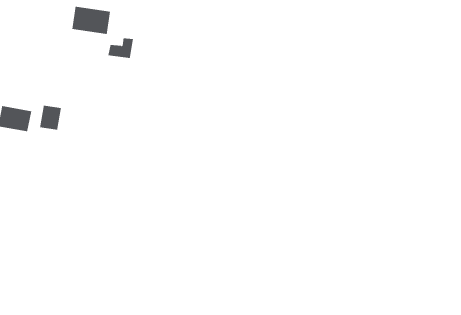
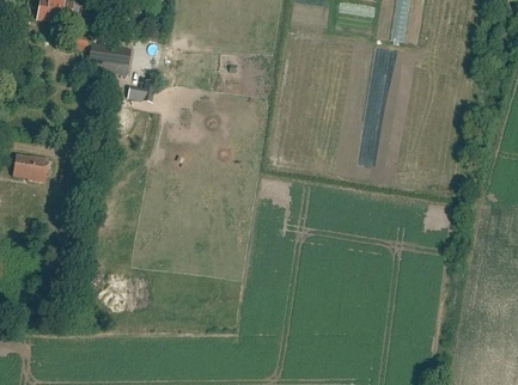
building: [39,105,61,131] -> none

